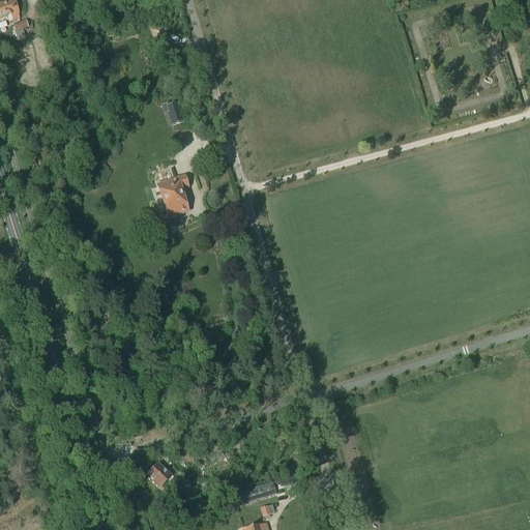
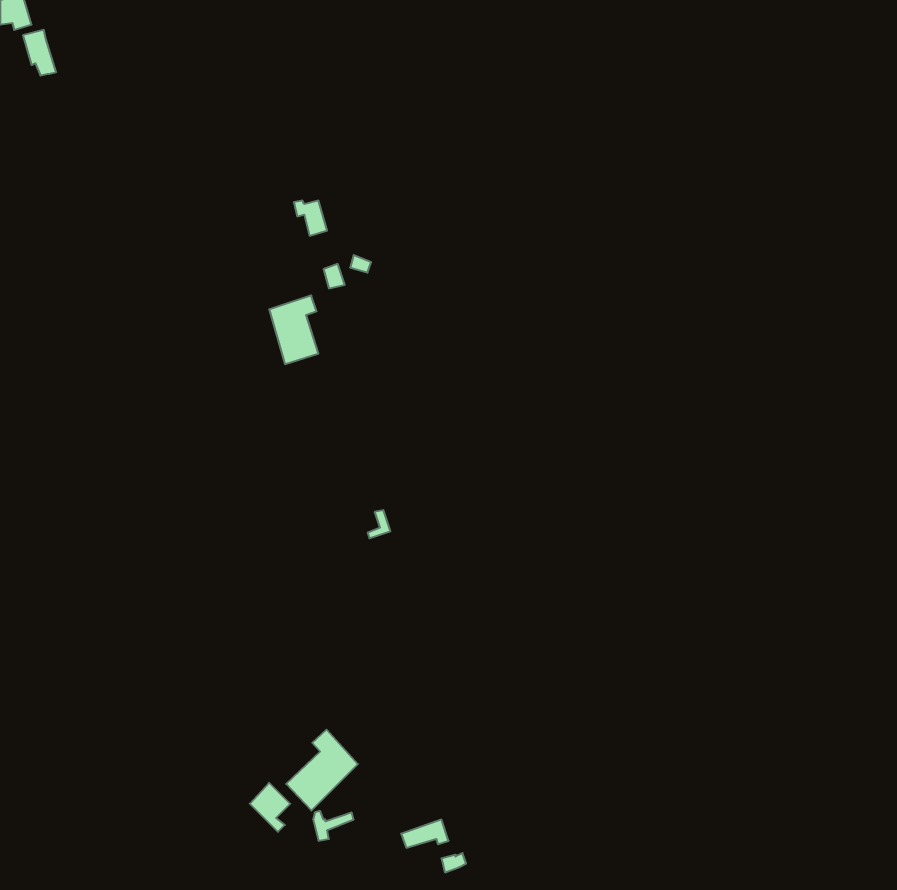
building: none -> [286,730,358,811]

